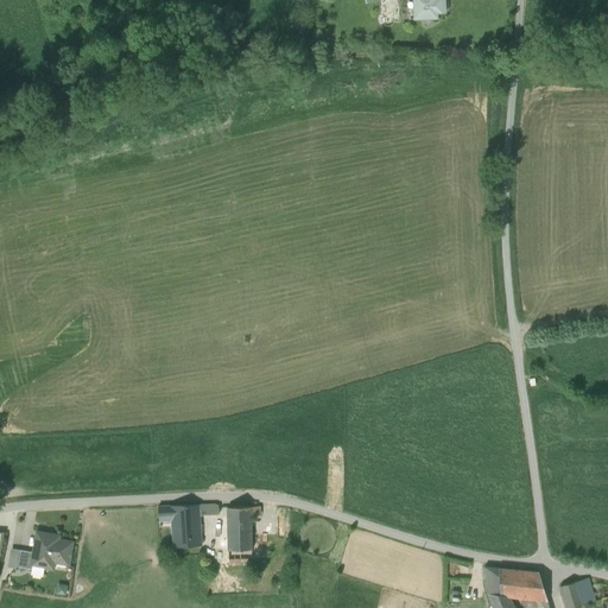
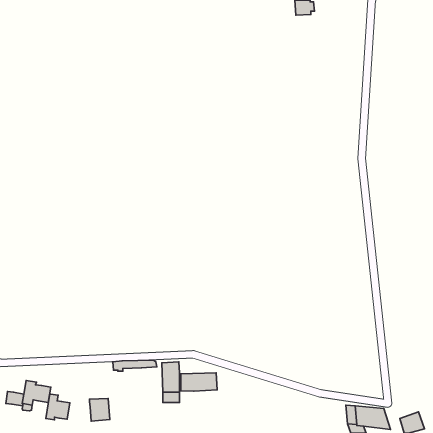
building: [172,515,201,547] -> [89,398,110,421]
building: none -> [181,373,217,391]
building: none -> [46,394,70,420]

